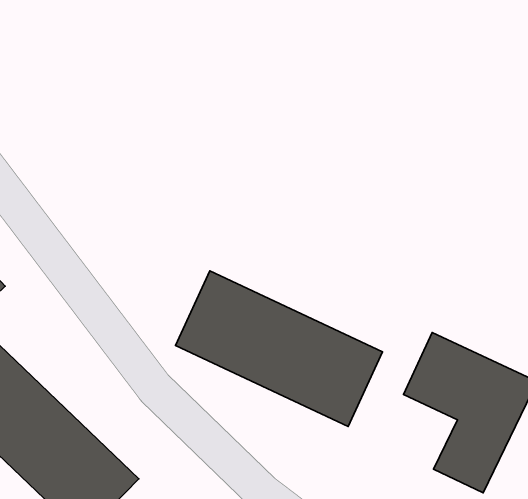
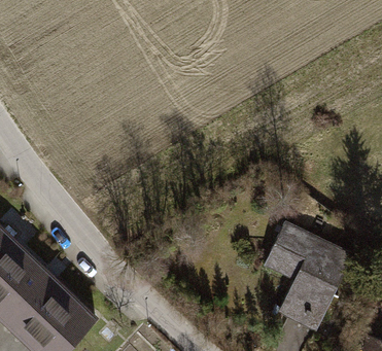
building: [175,271,383,426] -> none

